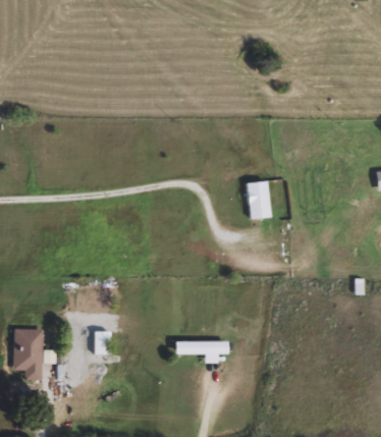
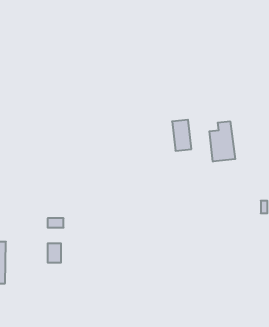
building: none -> [209,121,235,162]
building: [173,340,226,363] -> none

